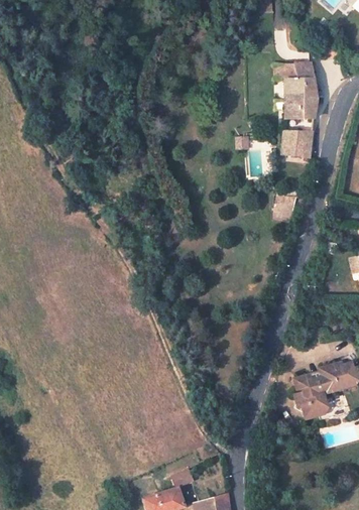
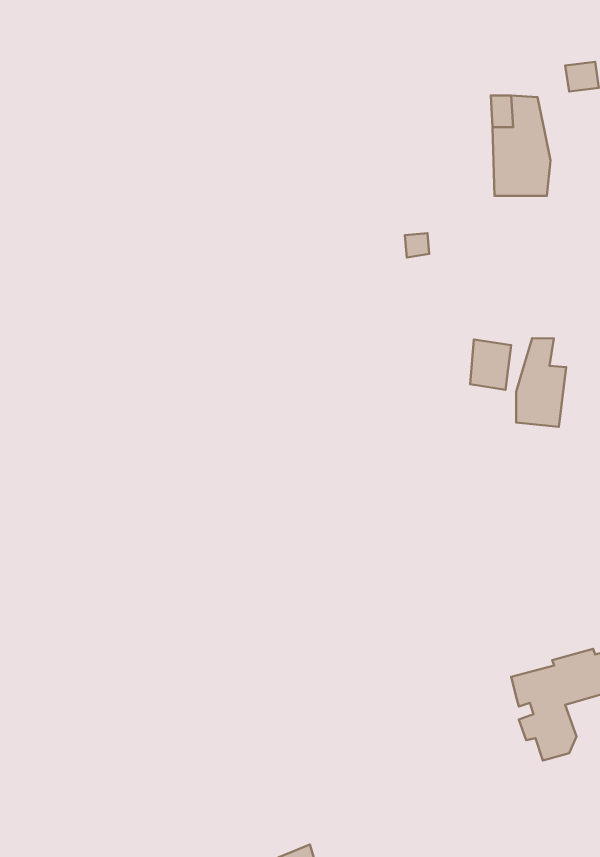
building: [283,129,313,157] -> none
building: none -> [516,338,566,427]

